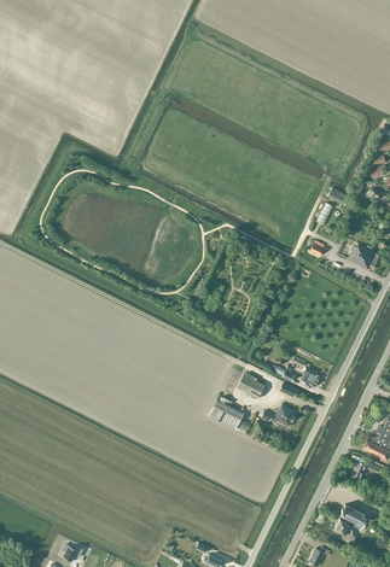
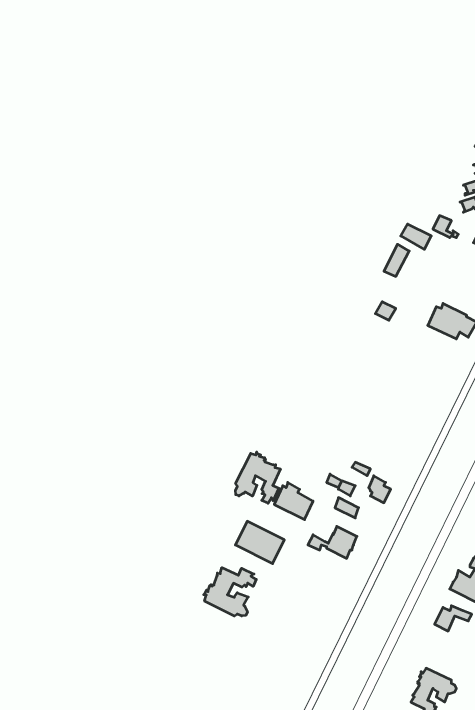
building: none -> [235,452,280,503]
building: none -> [204,568,256,616]

